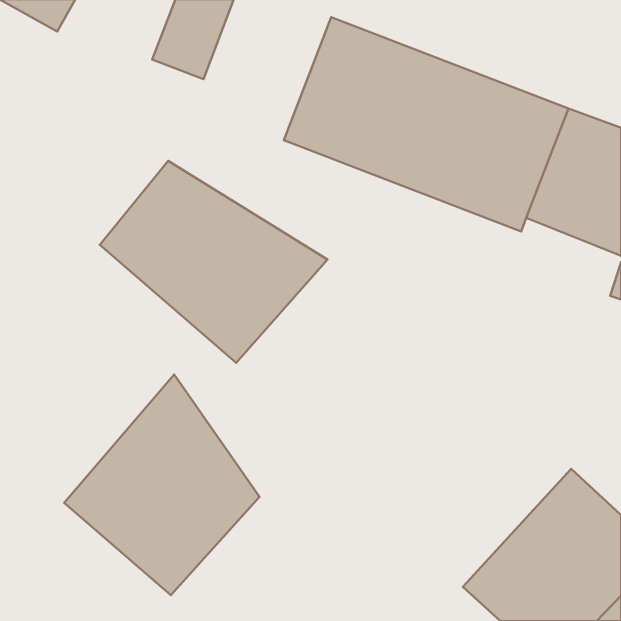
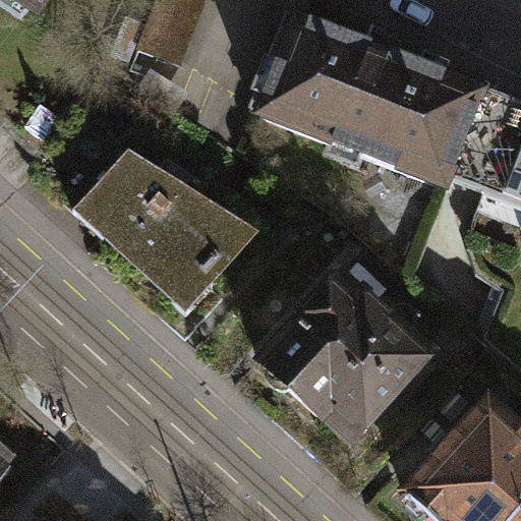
building: none -> [272,255,455,439]
building: [64,374,260,595] -> none

